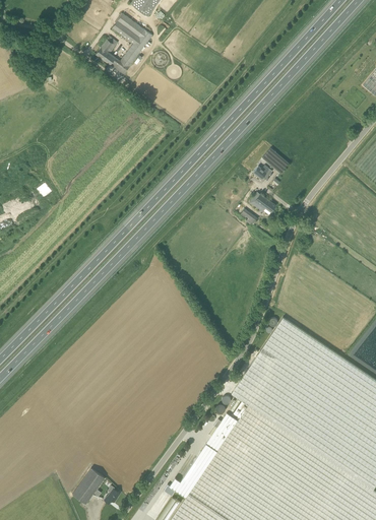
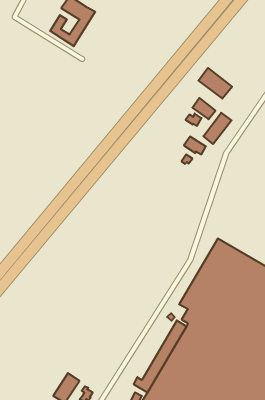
building: none -> [198,68,232,99]
building: none -> [203,113,232,144]

